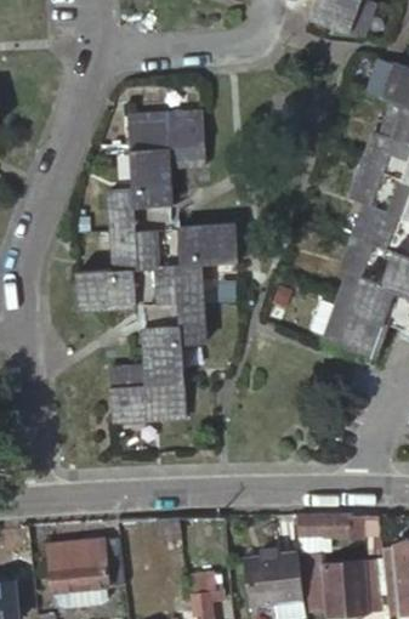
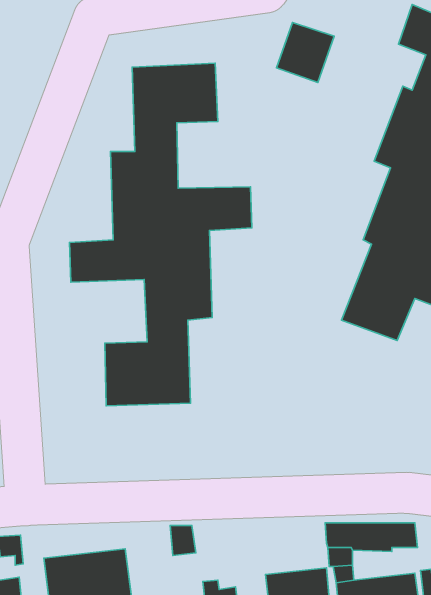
building: none -> [277,23,334,82]

